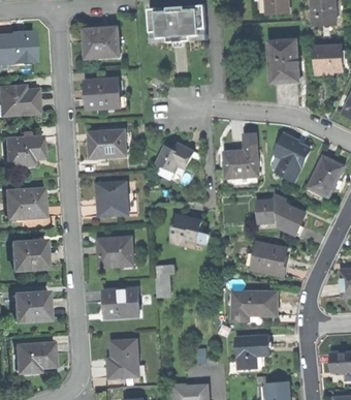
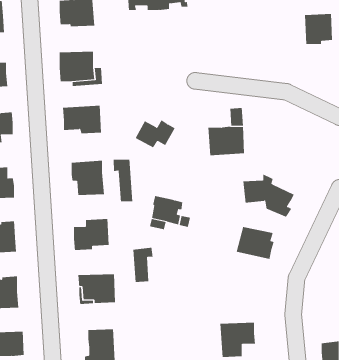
building: [270,39,300,81] -> none
building: [276,133,311,180] -> none
building: [309,156,344,197] -> none
building: none -> [113,159,133,202]
building: [233,290,278,320] -> none

